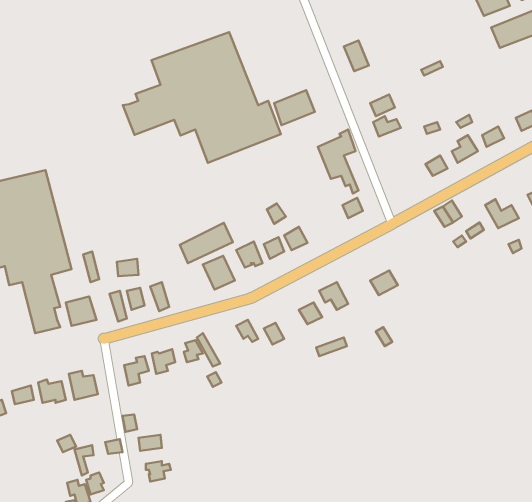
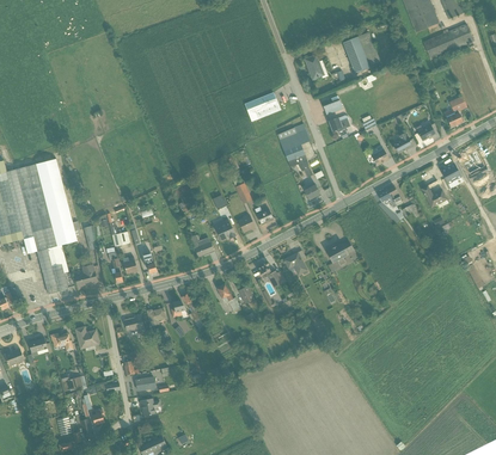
building: none -> [343,30,381,70]
building: [123,32,281,163] -> none
building: [180,223,233,263] -> none

